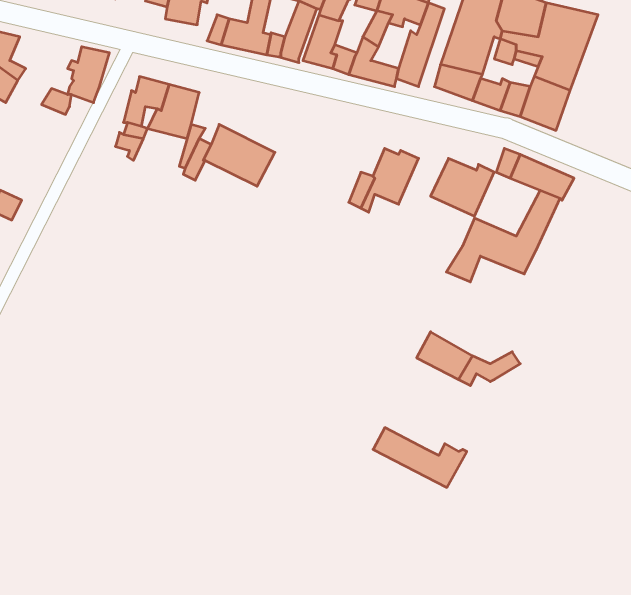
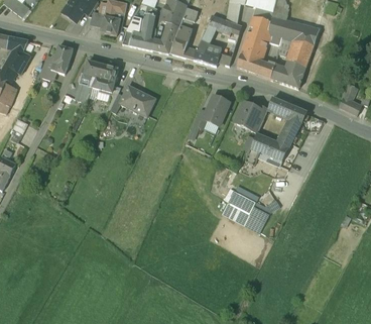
building: [373,428,467,487] -> [222,202,269,232]

